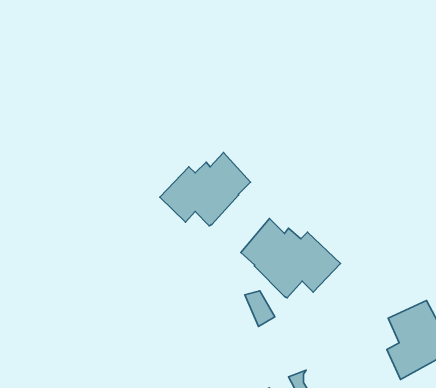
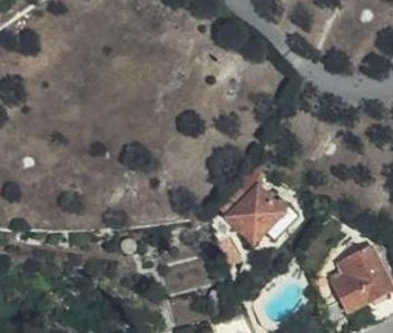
building: [160,152,251,226] -> none

